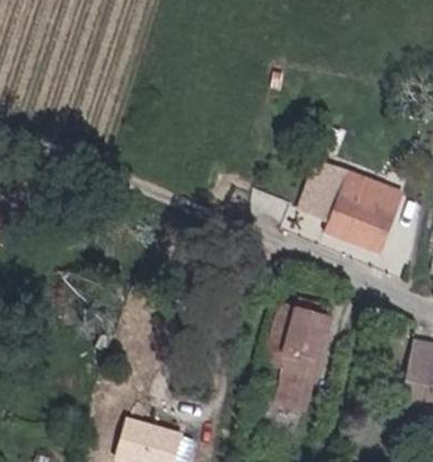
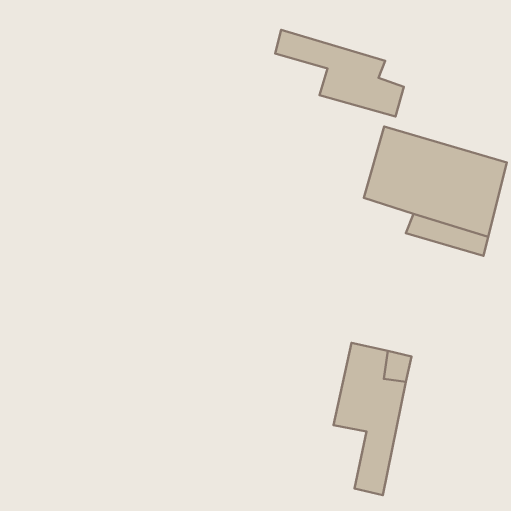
building: none -> [275,30,404,116]

